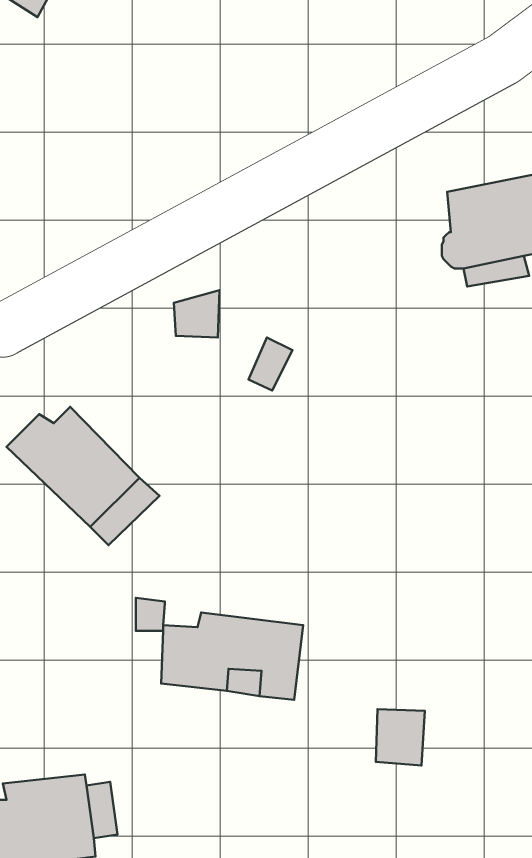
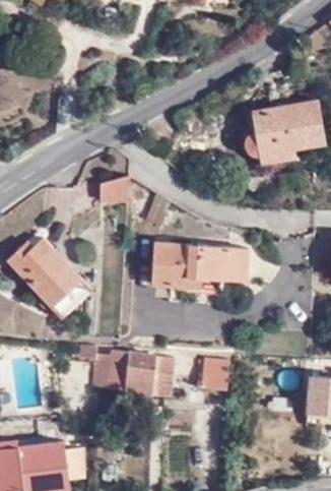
building: none -> [149,243,245,287]
building: [376,709,425,765] -> [201,358,228,389]

